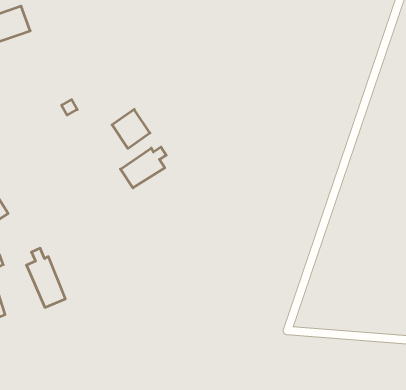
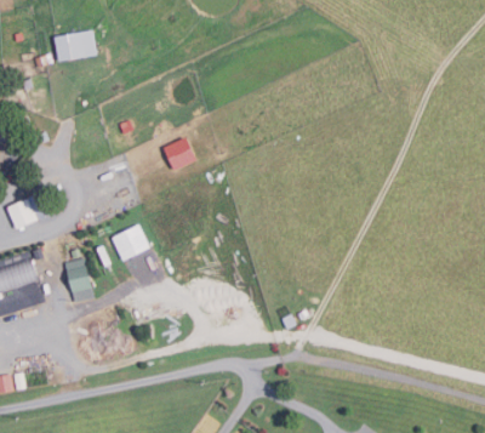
building: [120,147,166,188] -> none
building: none -> [114,224,153,261]

